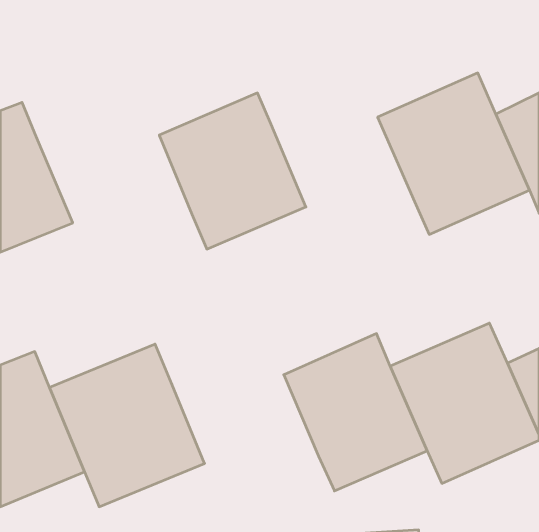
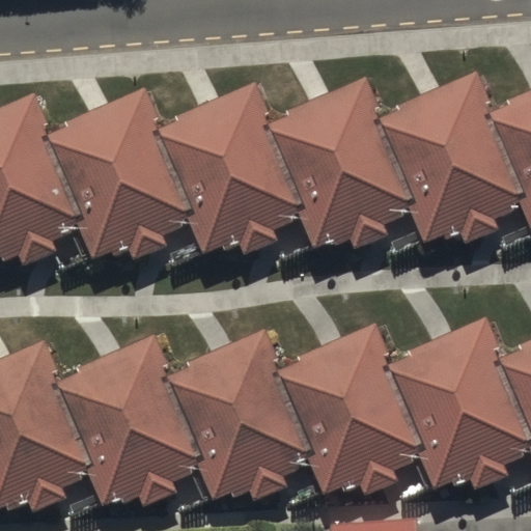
building: none -> [267,90,408,245]
building: none -> [36,101,189,260]
building: none -> [169,344,313,497]

